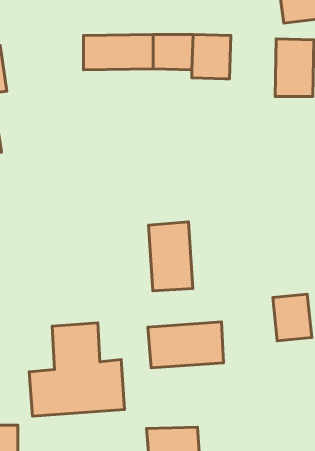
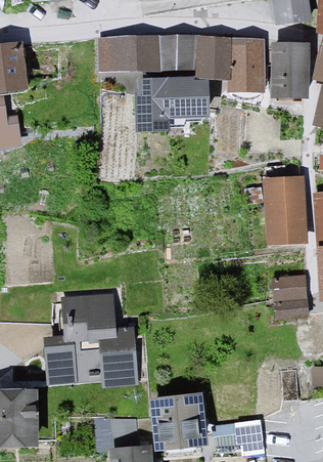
building: none -> [226,36,265,89]
building: none -> [137,80,207,128]
building: [148,222,193,291] -> [264,179,305,243]
building: [148,322,224,368] -> none

